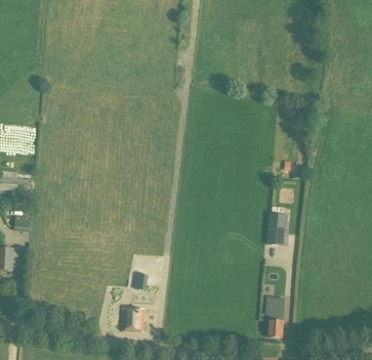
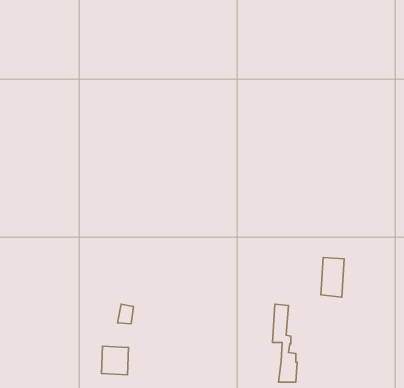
building: [266,213,286,245] -> [321,258,344,297]

